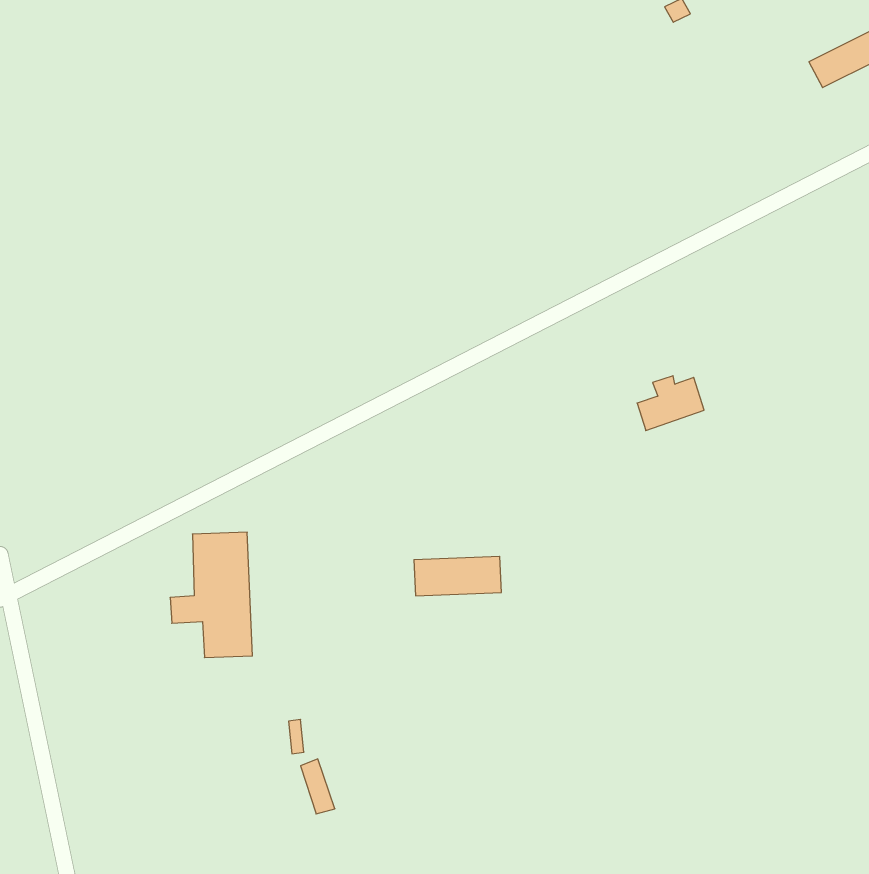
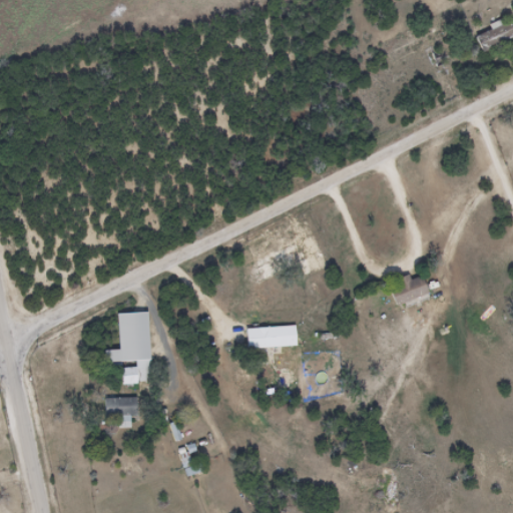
building: [637,376,704,431] -> [390,273,429,305]
building: none -> [105,397,140,427]

